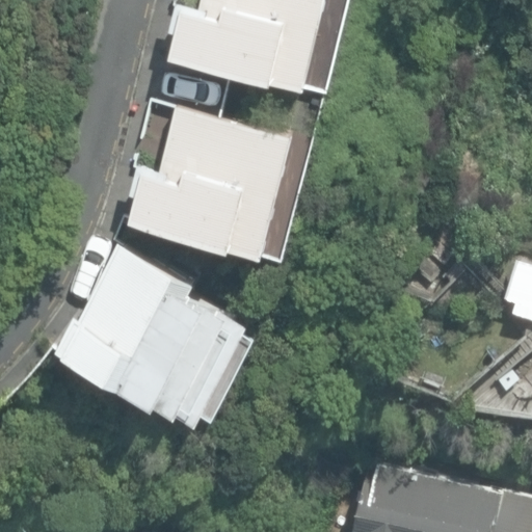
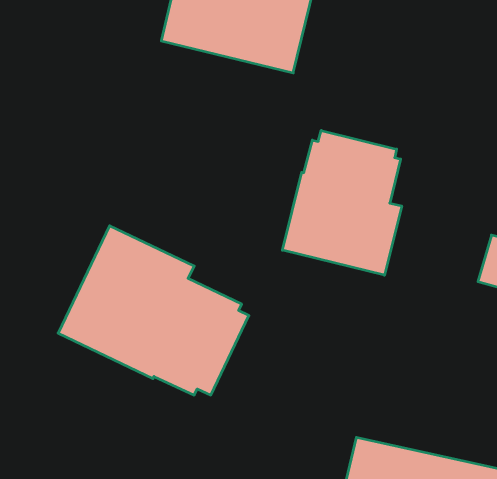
building: [131,109,292,256] -> none
building: none -> [282,130,402,275]

